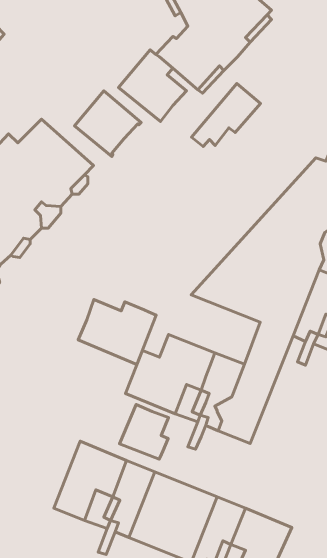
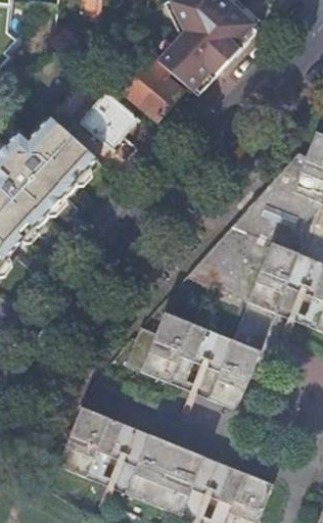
building: [191,84,261,147] -> none
building: [78,299,156,364] -> none
building: [120,405,169,459] -> none

